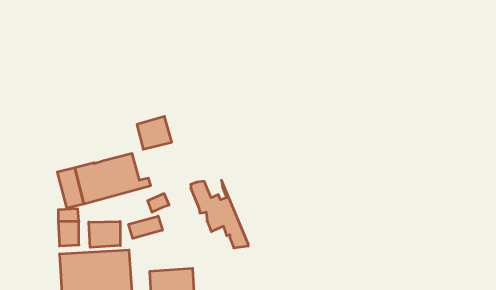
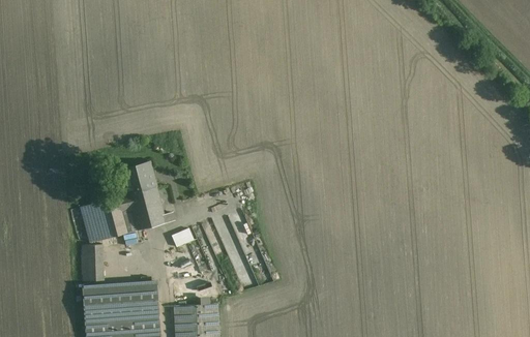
building: [137,116,172,149] -> [121,160,156,193]
building: [129,216,162,238] -> none
building: [89,221,120,247] -> none

